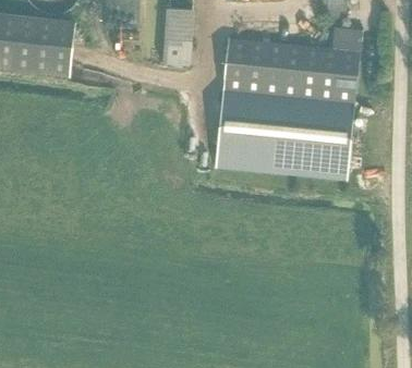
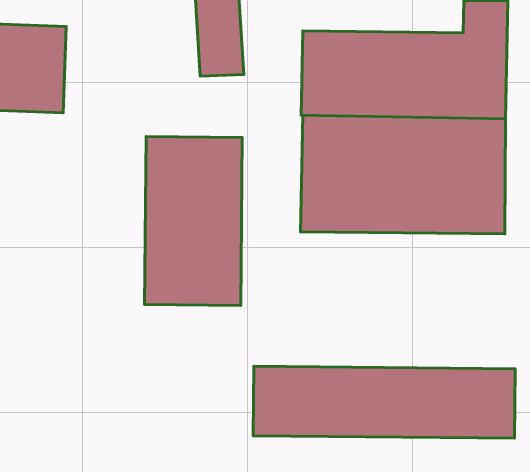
building: none -> [145,137,242,305]
building: none -> [253,366,515,438]

